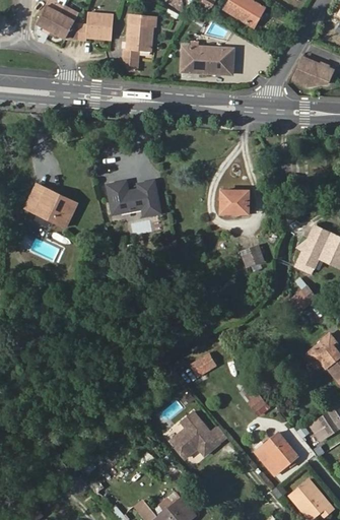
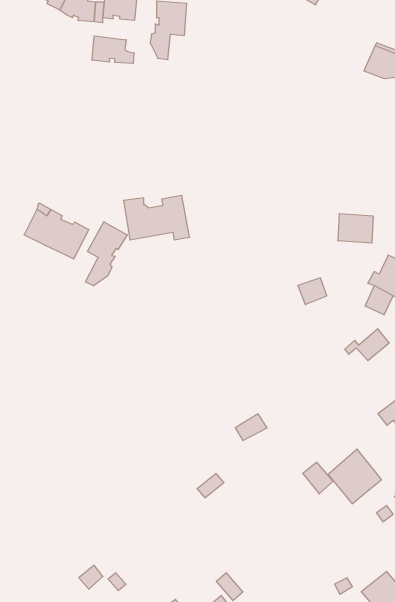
building: [181,48,232,74] -> none
building: none -> [92,36,134,64]
building: [220,191,249,214] -> [338,214,373,243]
building: none -> [86,222,127,286]
building: [169,411,226,458] -> none
building: [255,433,297,476] -> [328,449,381,504]

